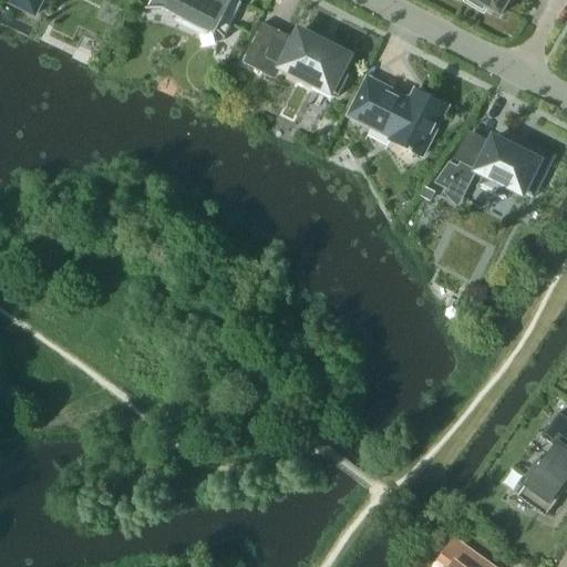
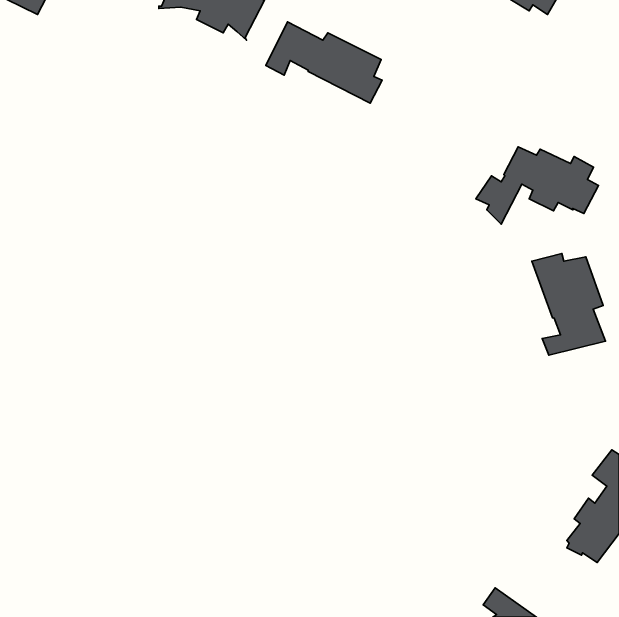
building: [351,78,446,154] -> none
building: none -> [532,253,605,355]

